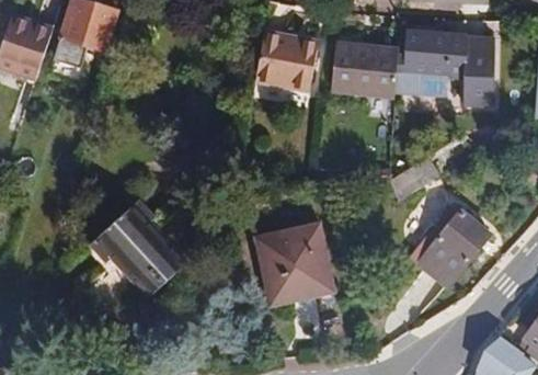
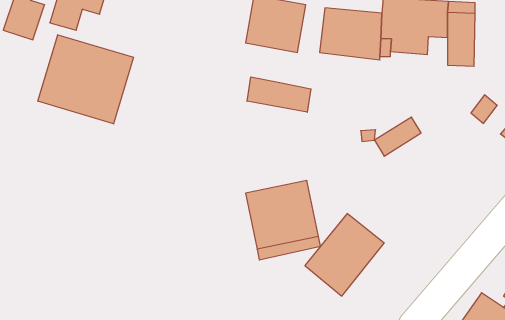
building: none -> [38,35,133,124]
building: none -> [247,77,311,112]
building: [91,200,187,297] -> none
building: [409,202,491,287] -> [305,214,384,296]

